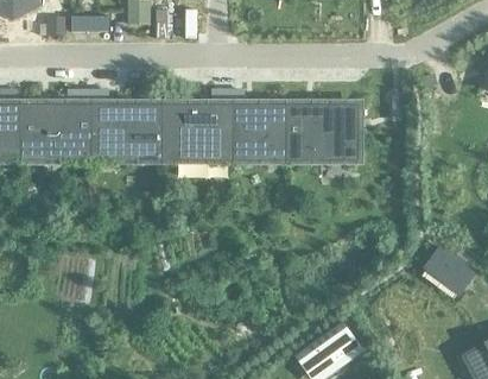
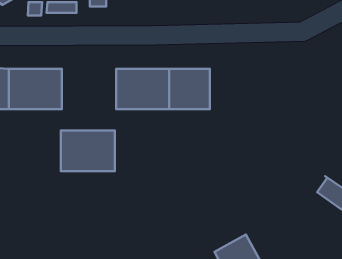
building: [90,105,161,158] -> [61,131,115,171]
building: [285,105,356,158] -> none

